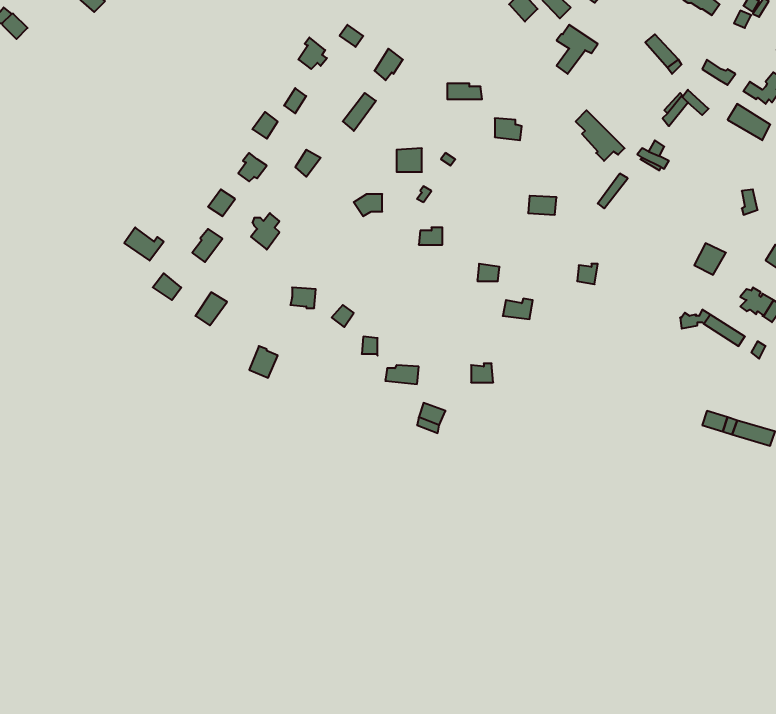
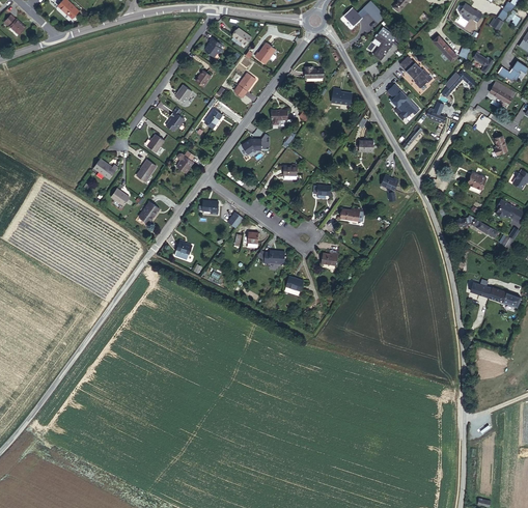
building: none -> [399,55,433,87]

